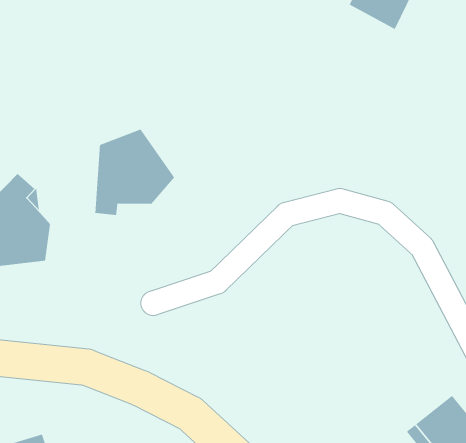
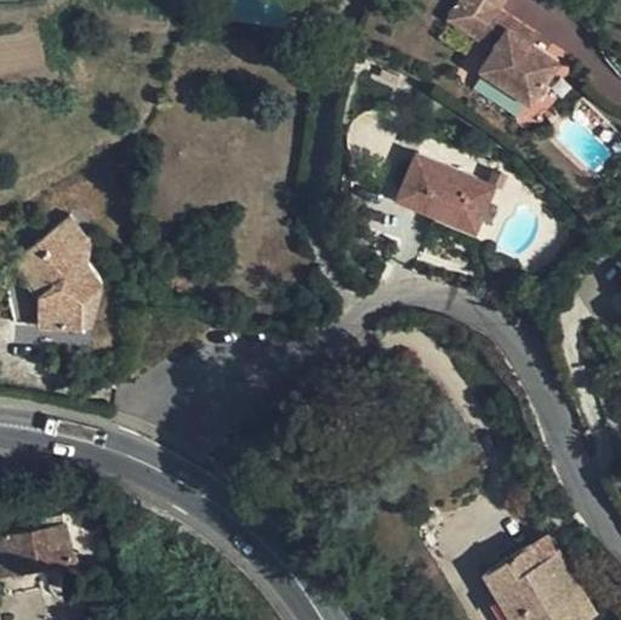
building: none -> [398,157,494,234]
building: [95,129,175,216] -> none

